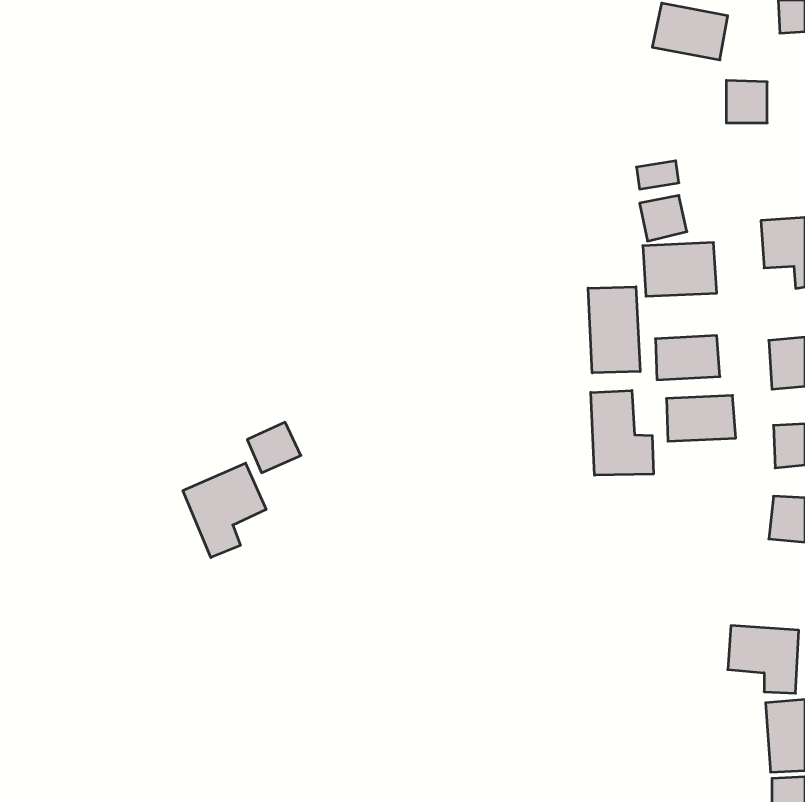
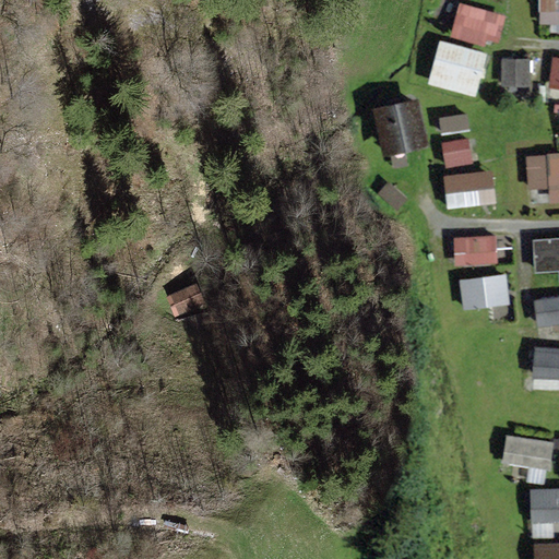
building: none -> [428,39,489,96]
building: none -> [365,104,424,159]
building: [588,287,640,373] -> none
building: [591,390,653,475] -> none
building: [183,463,266,558] -> none

